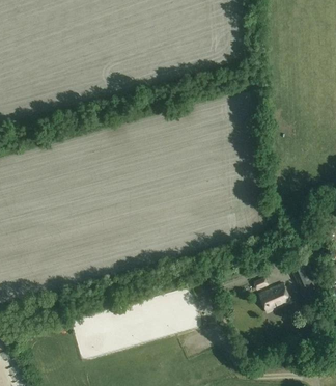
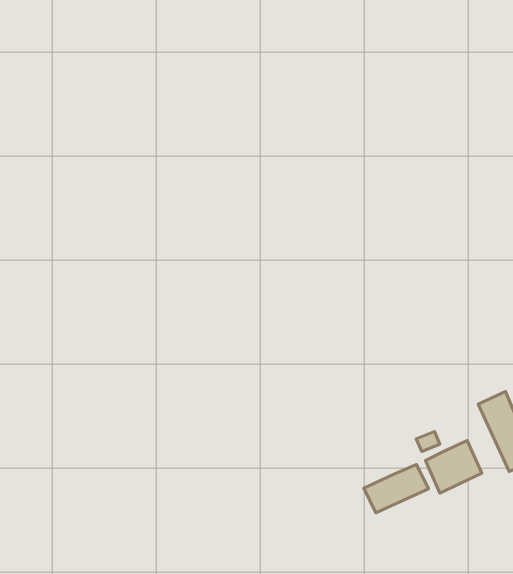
building: none -> [364,464,429,513]

